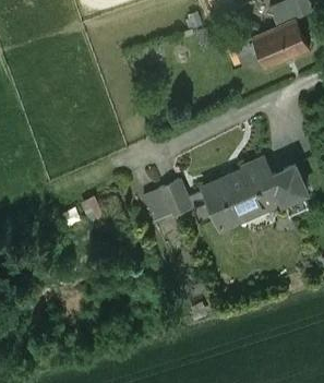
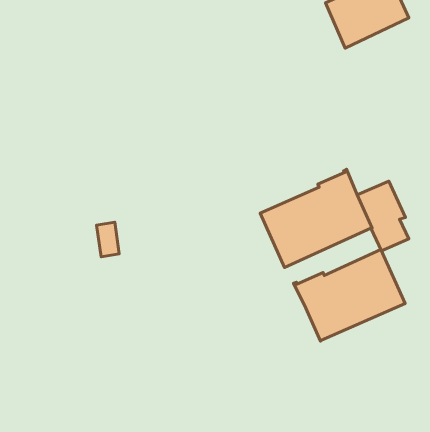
building: [155,177,189,216] -> none
building: none -> [294,249,405,341]

